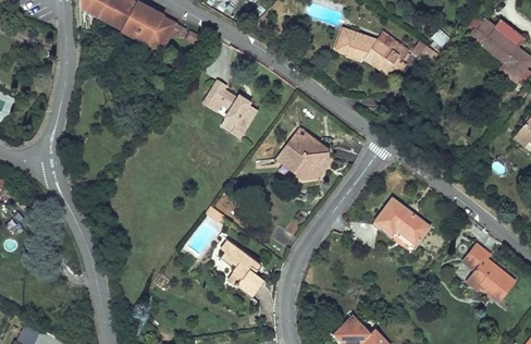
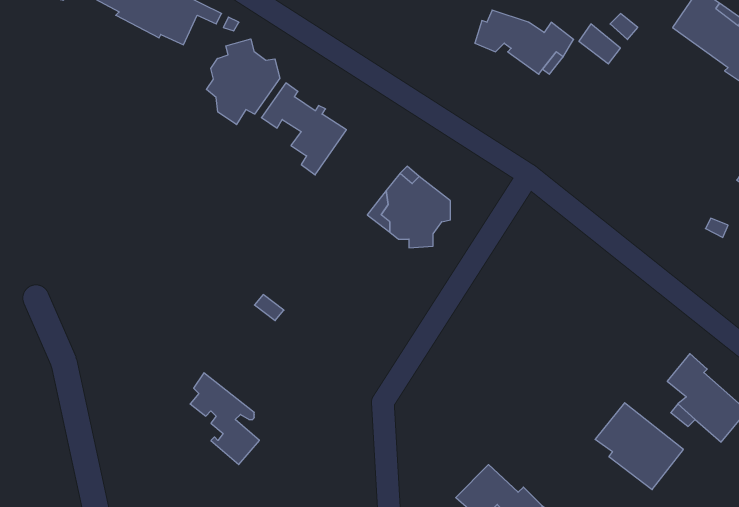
building: none -> [206,39,280,125]
building: [374,197,430,251] -> [595,403,683,490]
building: [219,238,262,296] -> [190,373,259,465]

